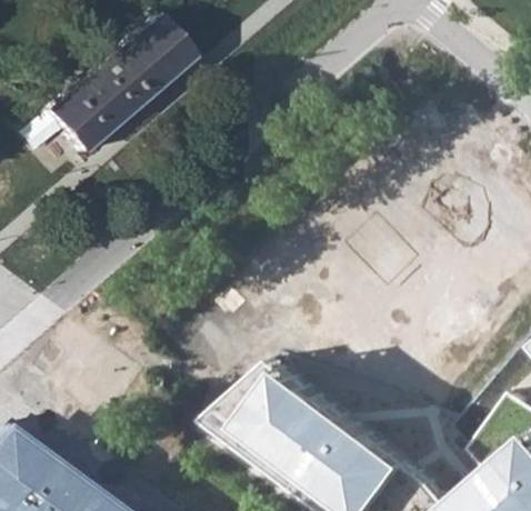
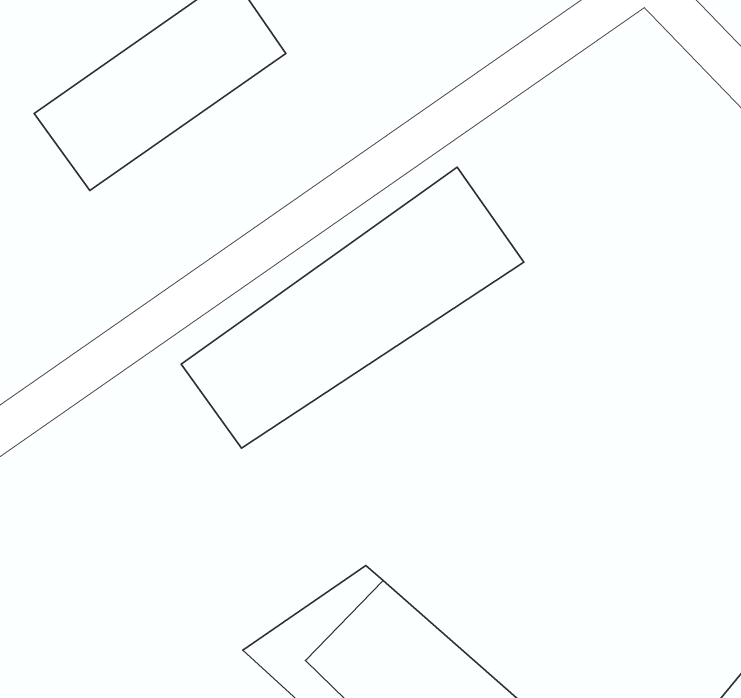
building: none -> [181,167,524,448]

